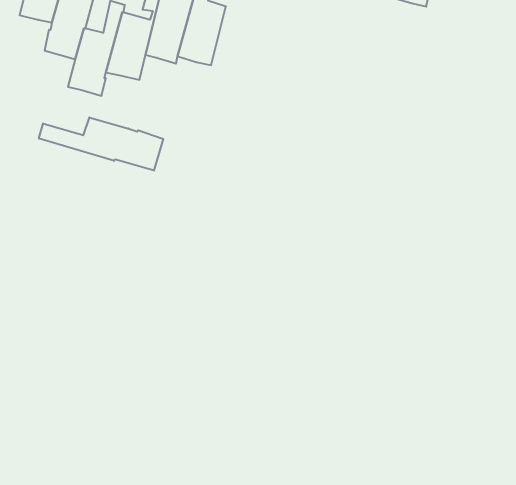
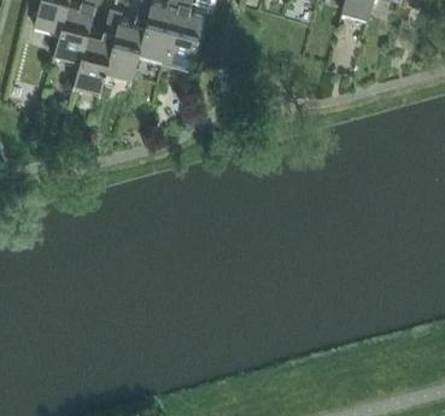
building: [39,117,163,171] -> none

